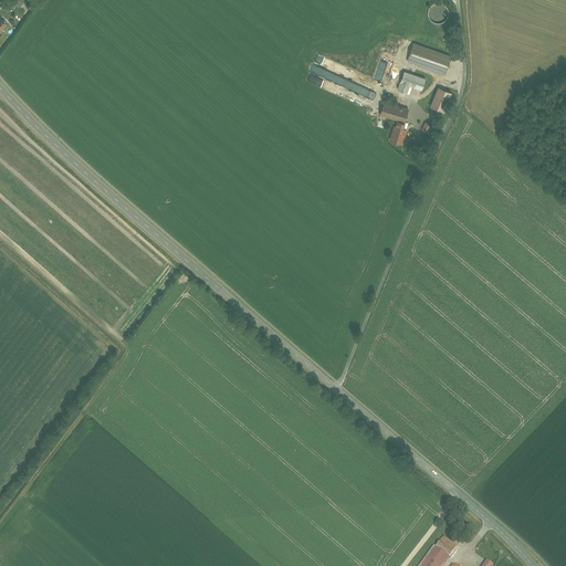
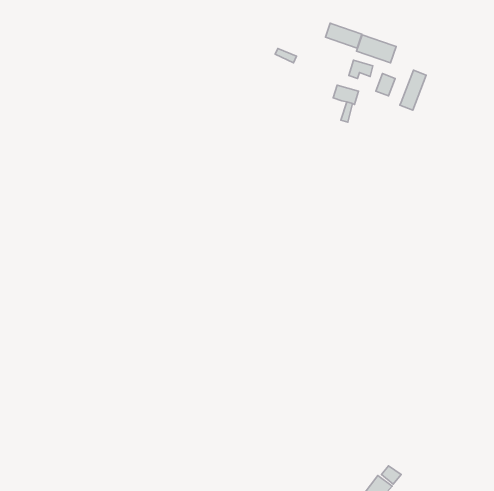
building: none -> [325,23,362,48]
building: none -> [400,70,426,110]

